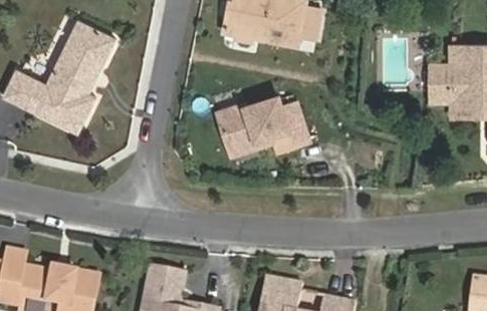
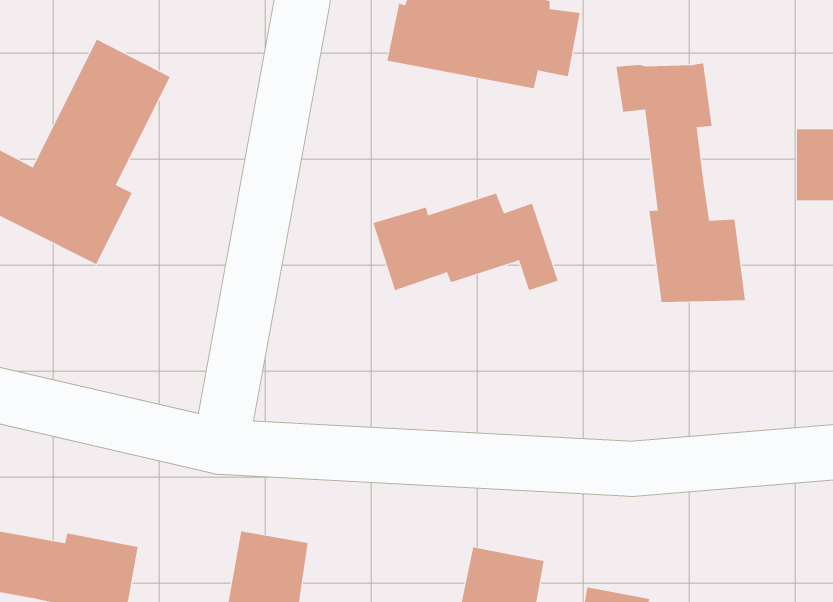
building: none -> [616,62,745,303]

